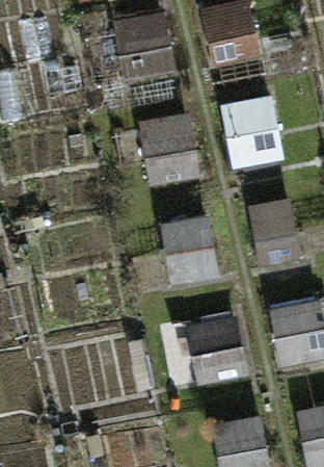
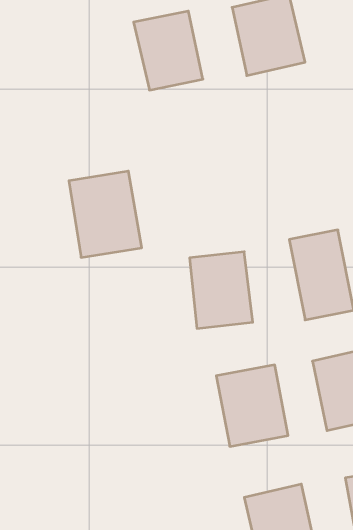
building: [223,96,281,168] -> none
building: [139,111,201,185] -> [69,171,142,257]

